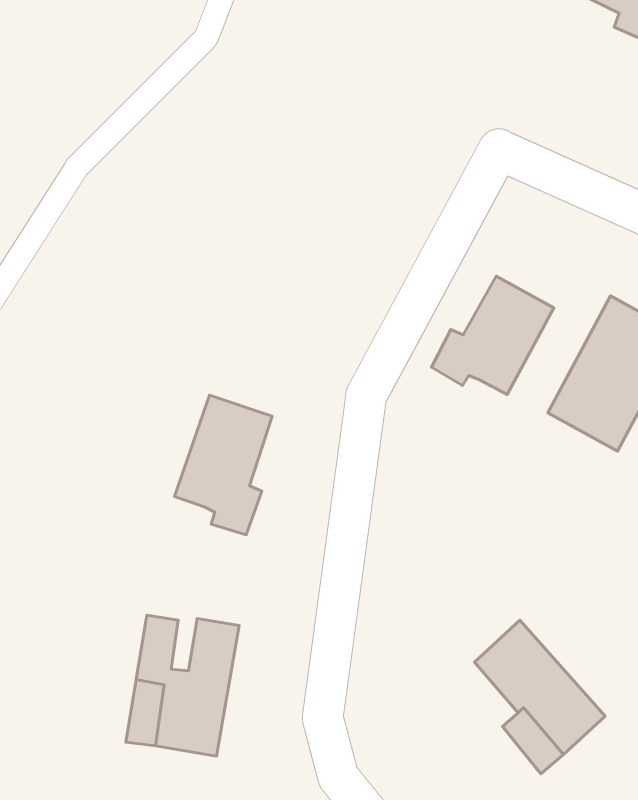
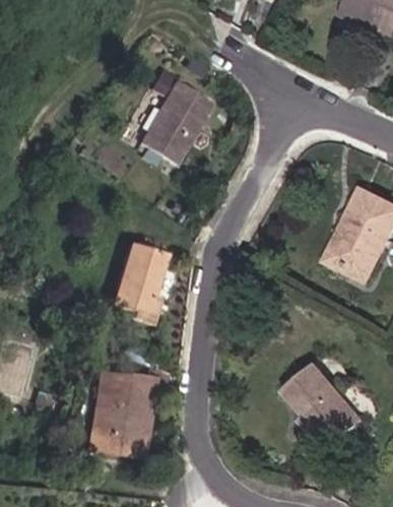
building: none -> [139,79,208,162]
building: [431,276,554,394] -> none

